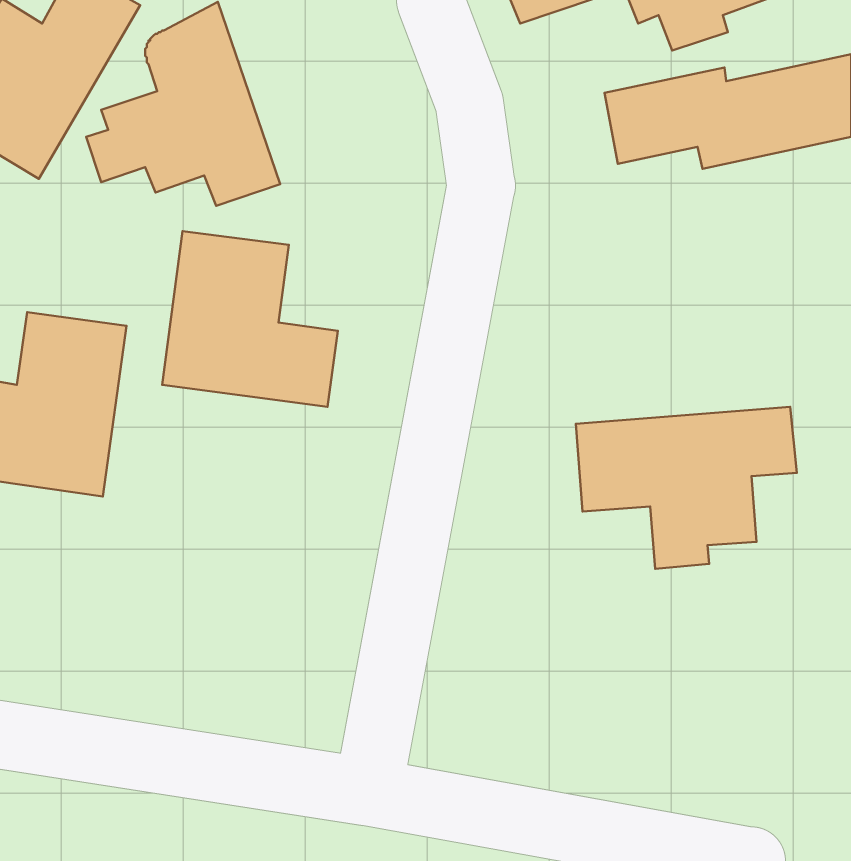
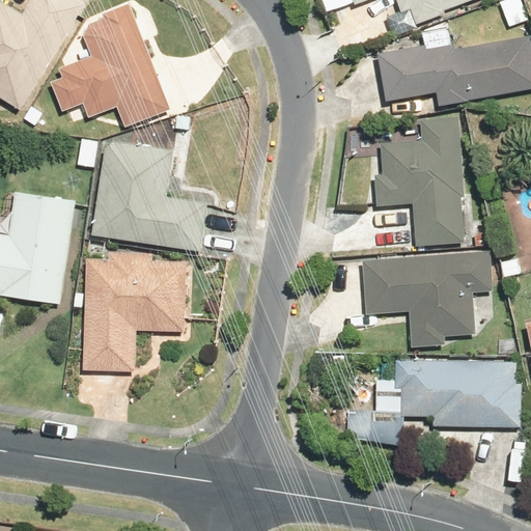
building: none -> [365,117,457,244]
building: none -> [87,250,189,369]
building: none -> [338,357,514,449]

